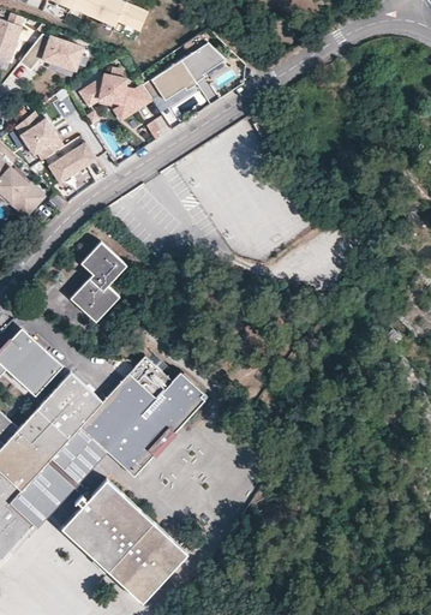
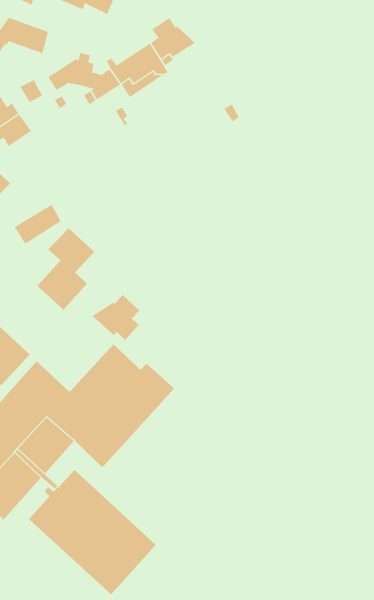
building: [48,143,95,183] -> [14,204,62,244]
building: none -> [91,294,140,341]

